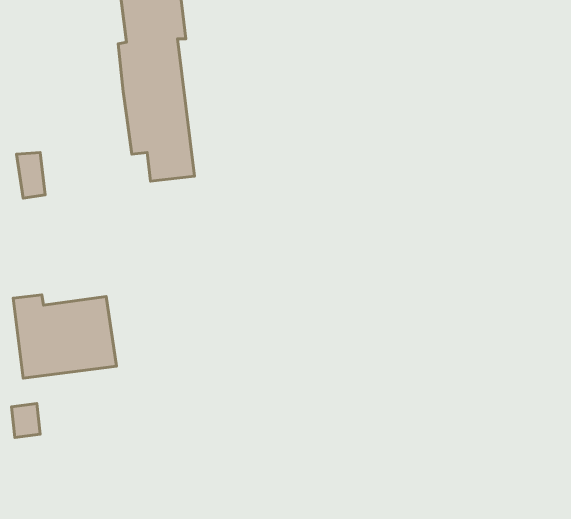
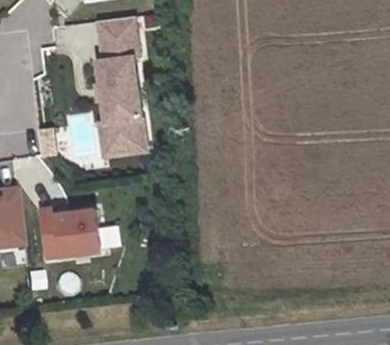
building: none -> [104,124,149,154]

